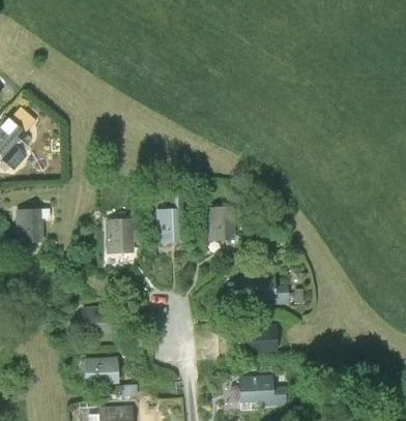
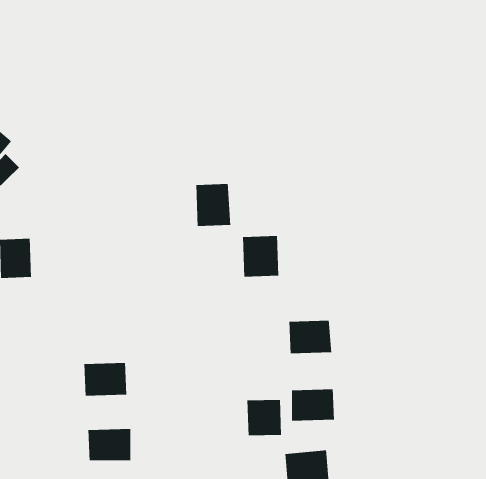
building: [157,209,185,243] -> [195,183,231,227]
building: [106,219,135,253] -> none
building: none -> [247,399,282,436]

